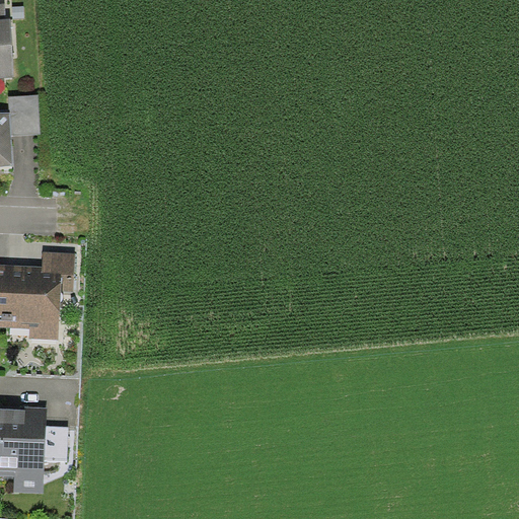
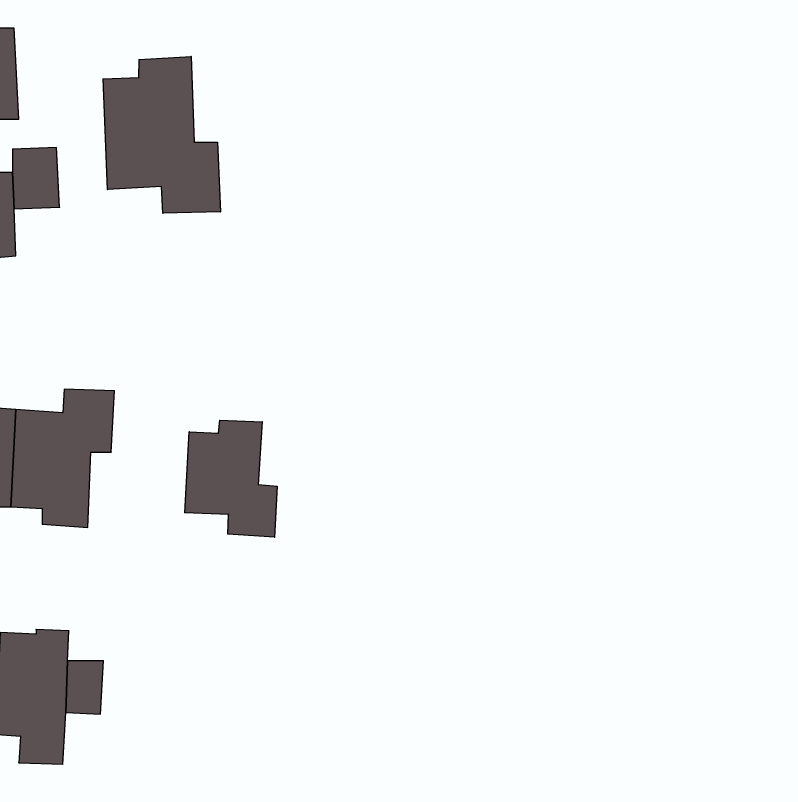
building: none -> [103,56,220,213]
building: none -> [185,420,277,537]

